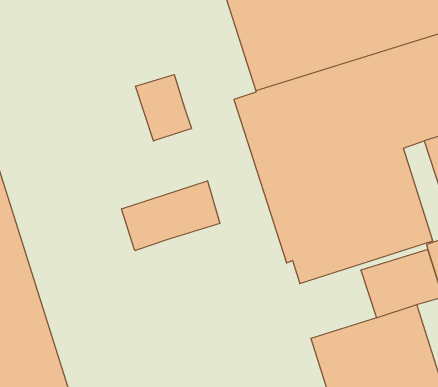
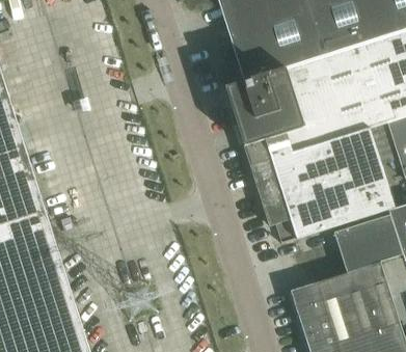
building: [136,75,192,141] -> none
building: [122,181,220,251] -> none

